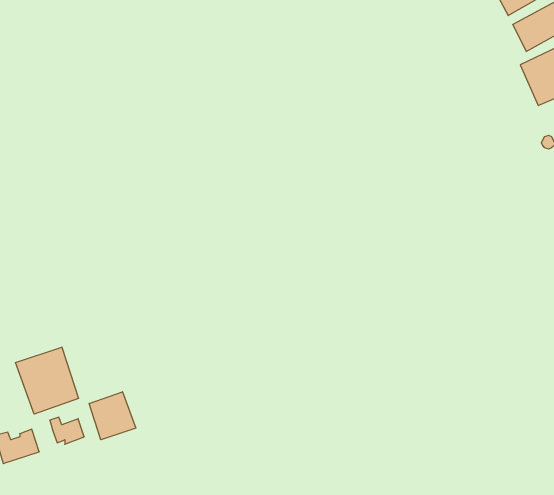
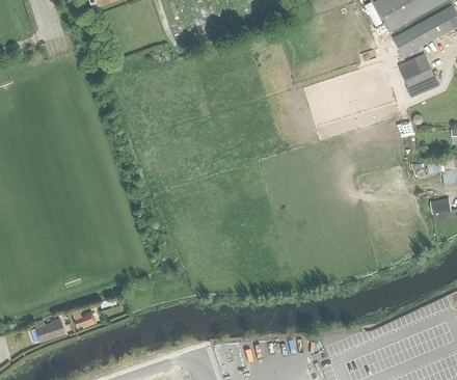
building: [16,347,78,414] -> none
building: [89,392,136,440] -> none

